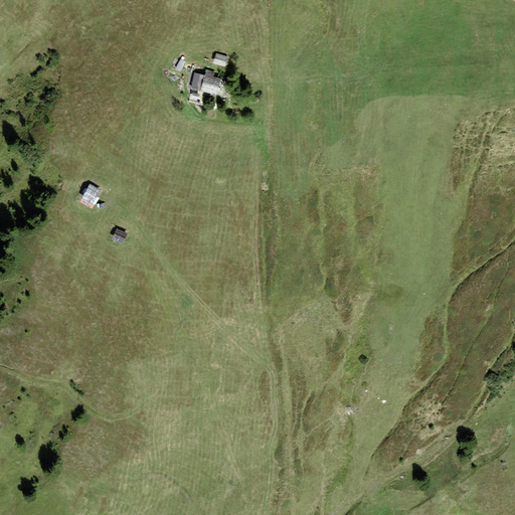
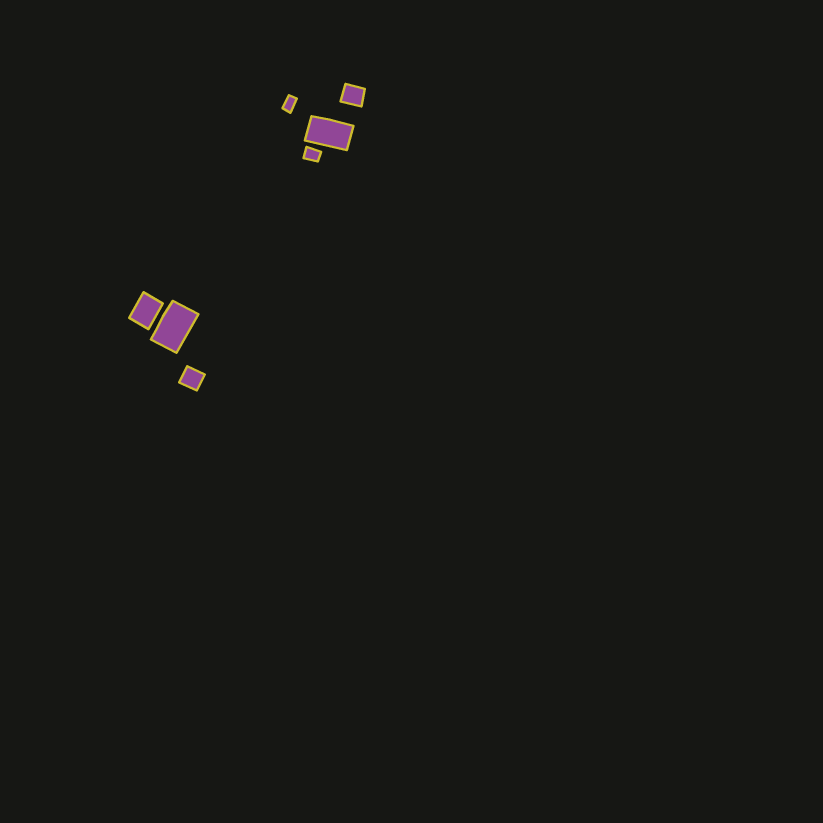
building: none -> [151,301,198,353]

